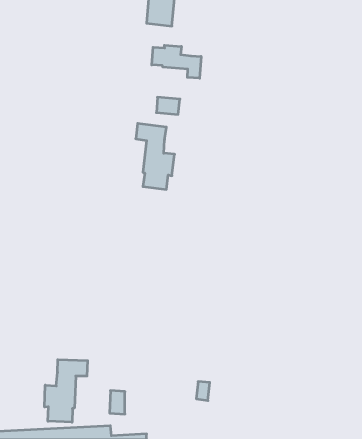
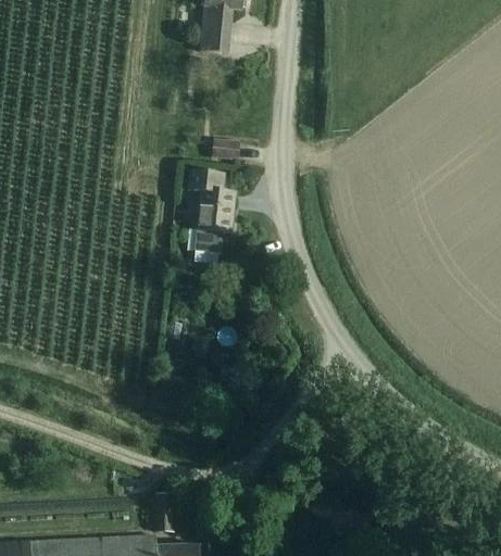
building: [152,45,201,78] -> none
building: [45,360,88,422] -> none

